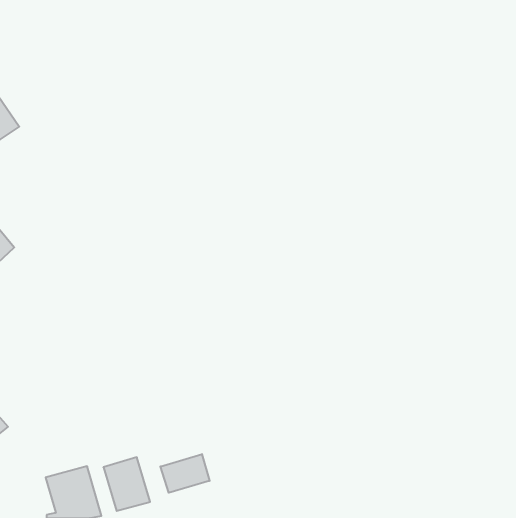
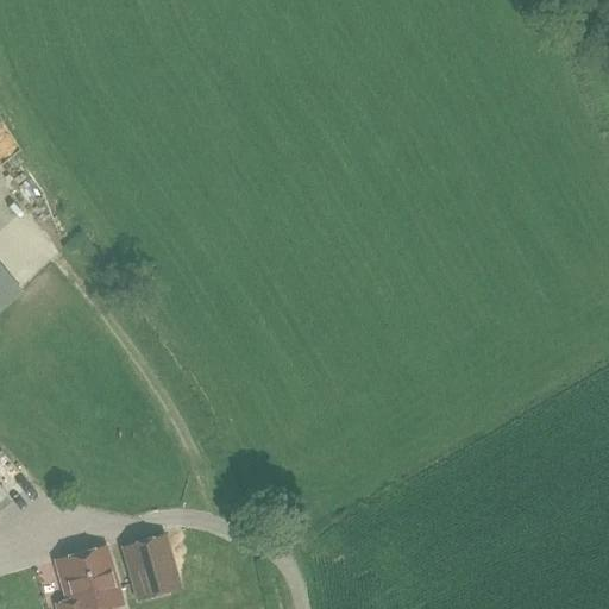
building: [160,454,210,493] -> none

